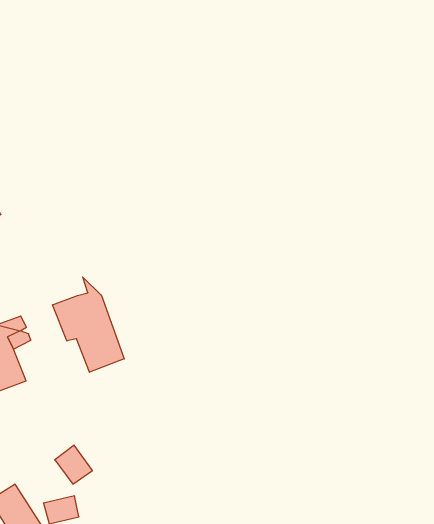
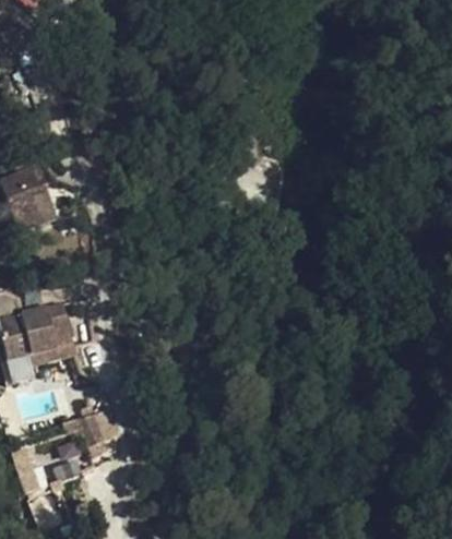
building: [52,277,124,372] -> none

